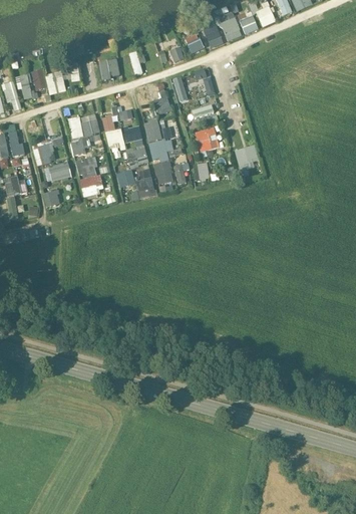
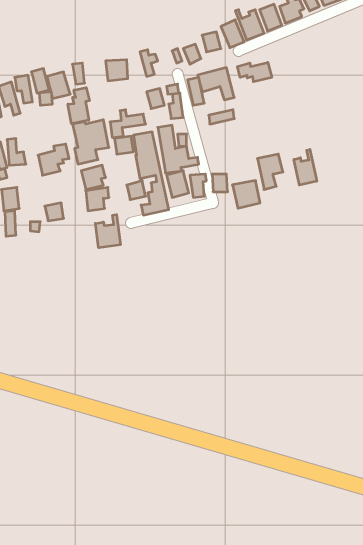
building: none -> [237,62,272,82]
building: none -> [68,88,89,124]
building: [195,126,220,152] -> [232,181,260,208]
building: none -> [294,149,317,185]
building: [44,160,71,182] -> none
building: none -> [95,215,120,248]

